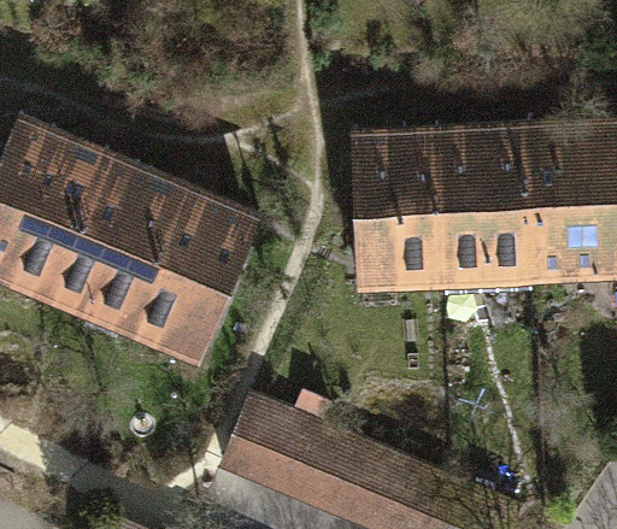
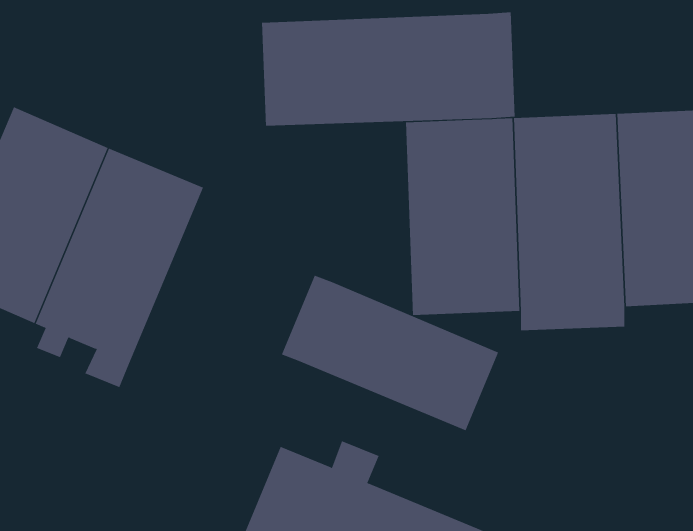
building: none -> [262,11,515,126]
building: [119,166,264,366] -> none
building: none -> [281,275,499,431]

